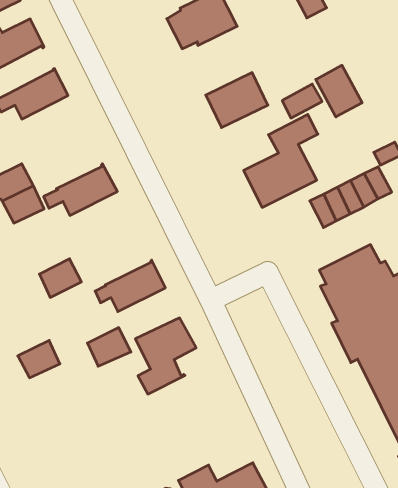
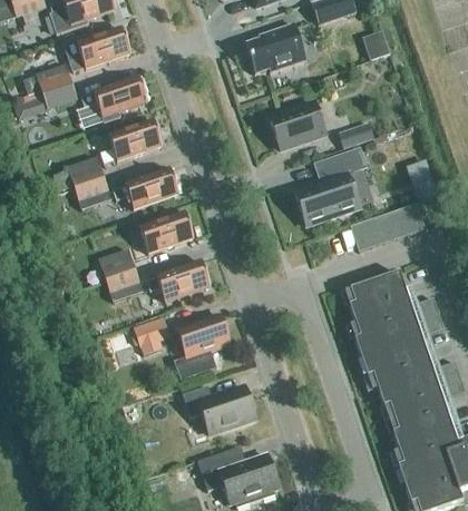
building: [316,65,362,117] -> none
building: none -> [100,119,163,163]
building: none -> [140,212,194,252]
building: [18,340,60,378] -> [106,269,143,301]
building: none -> [183,384,255,433]

